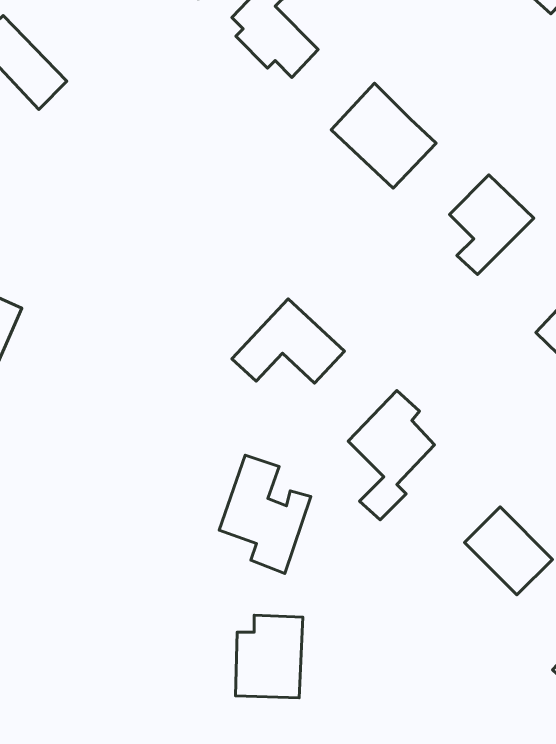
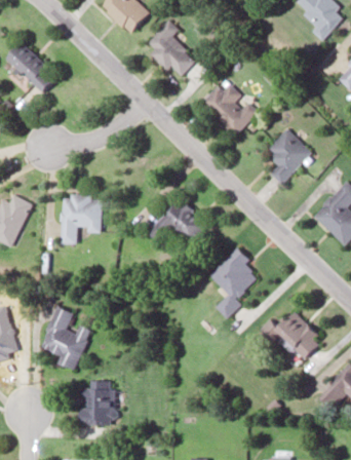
building: none -> [62,195,103,243]
building: [219,455,311,573] -> [40,306,90,371]
building: [235,615,303,698] -> [80,380,117,425]

